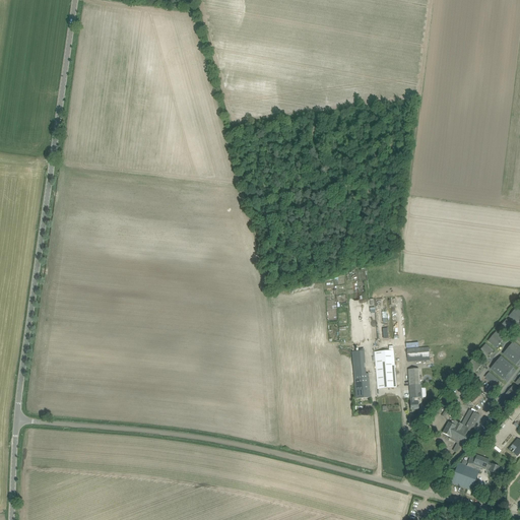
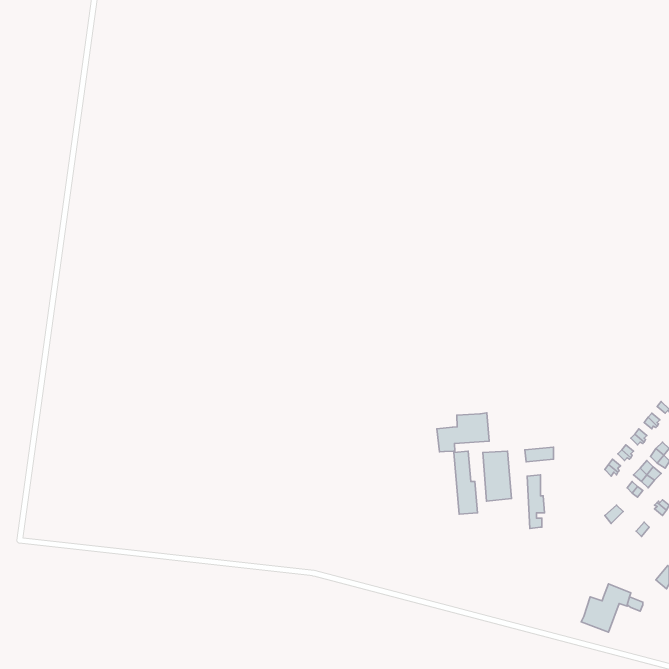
building: none -> [437,413,489,452]
building: [442,410,478,443] -> none

